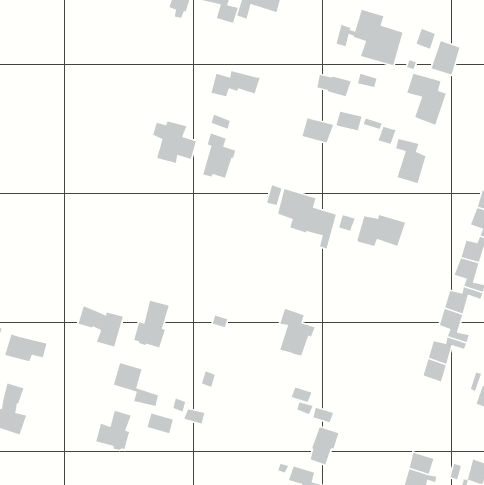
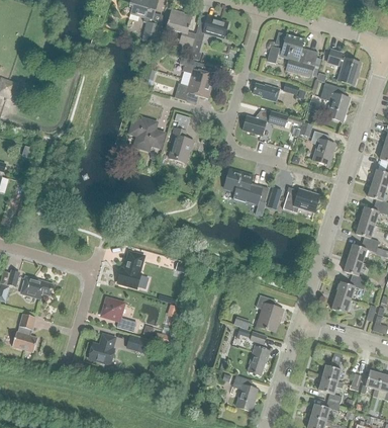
building: none -> [179,57,212,85]
building: [77,305,124,347] -> none
building: [279,308,316,357] -> [256,294,283,331]

